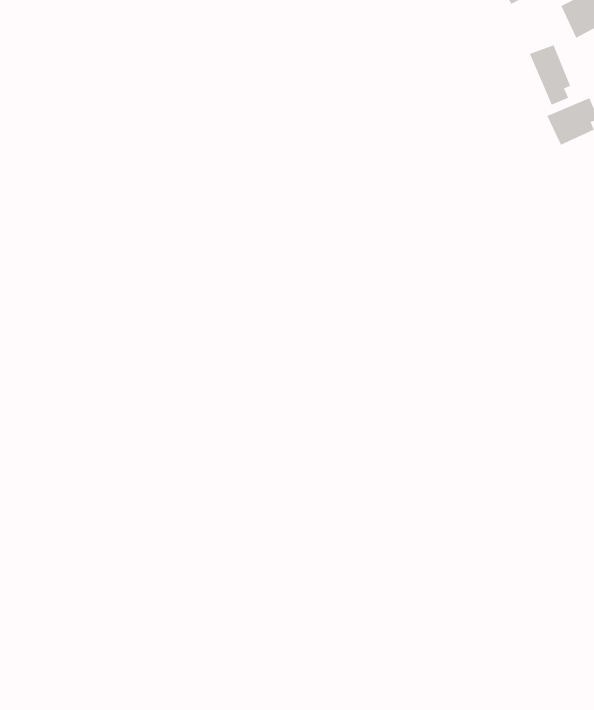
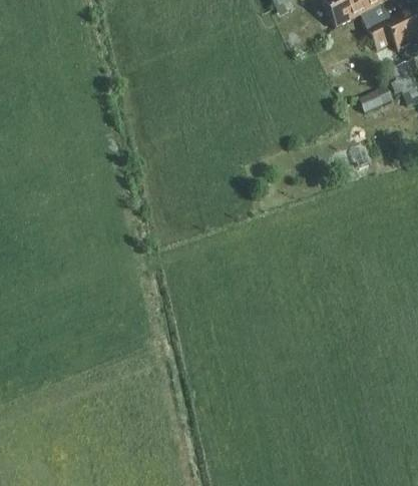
building: [529,44,571,106] -> none

